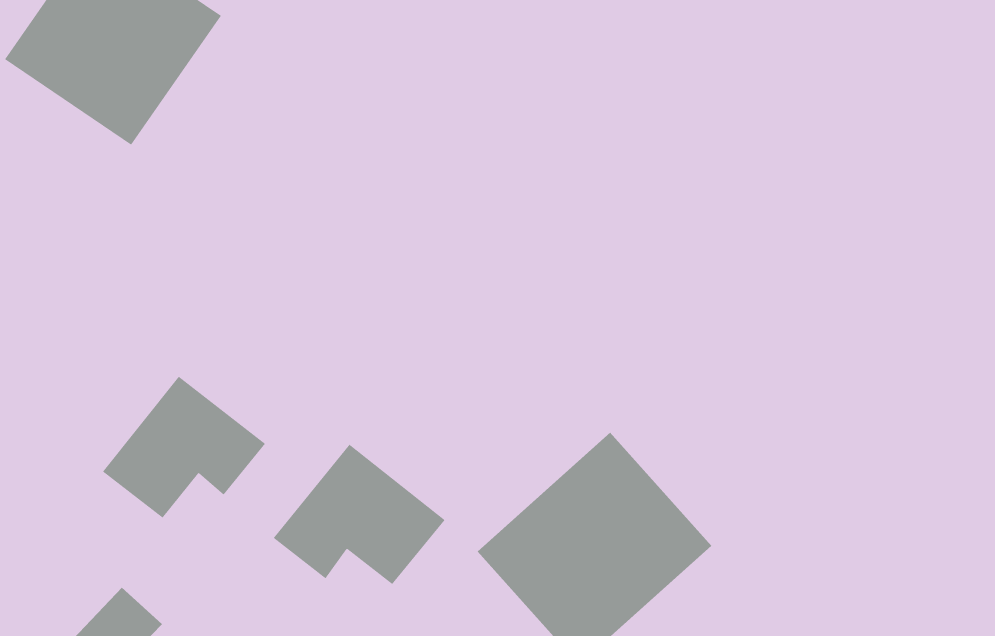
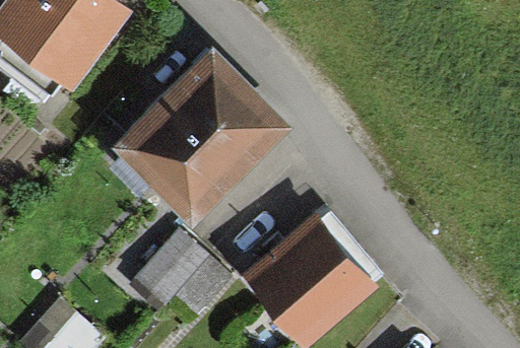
building: none -> [133,63,278,205]
building: [102,376,266,518] -> none

